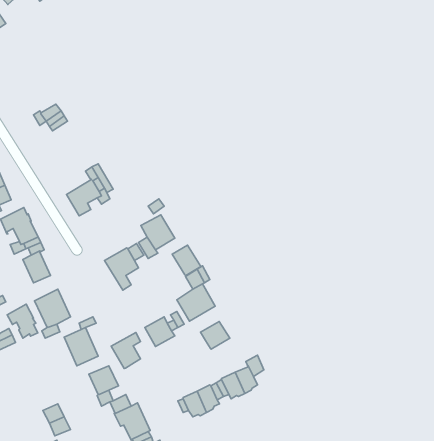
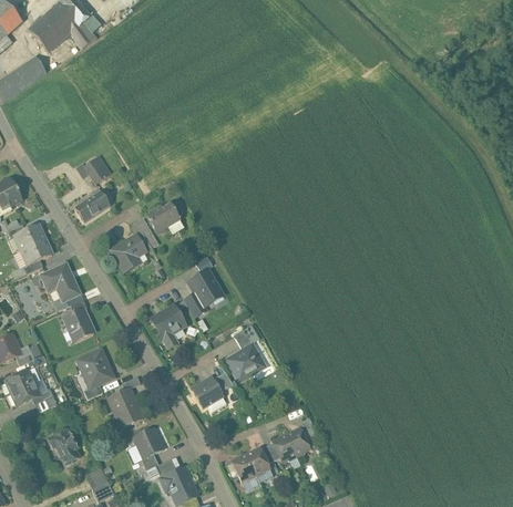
building: none -> [74,190,110,221]
building: none -> [146,204,179,231]
building: [172,245,201,276] -> none
building: [7,304,38,338] -> [47,427,79,463]
building: [200,321,230,349] -> none
building: [111,332,141,368] -> none

